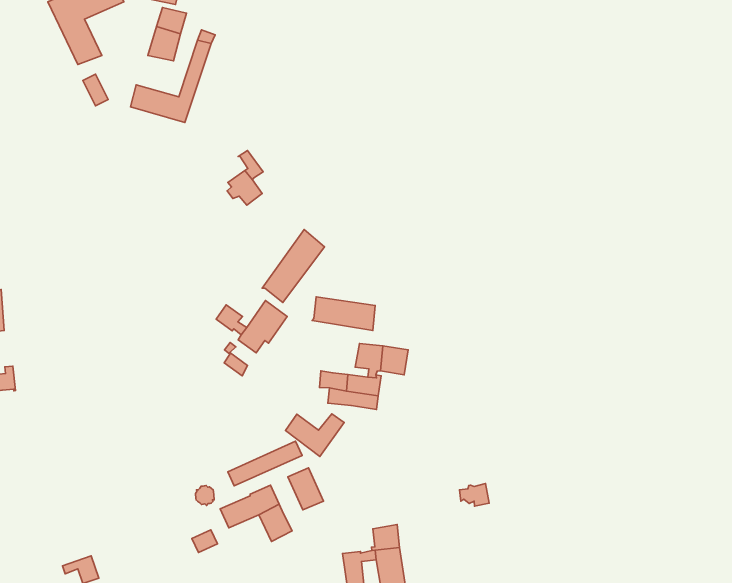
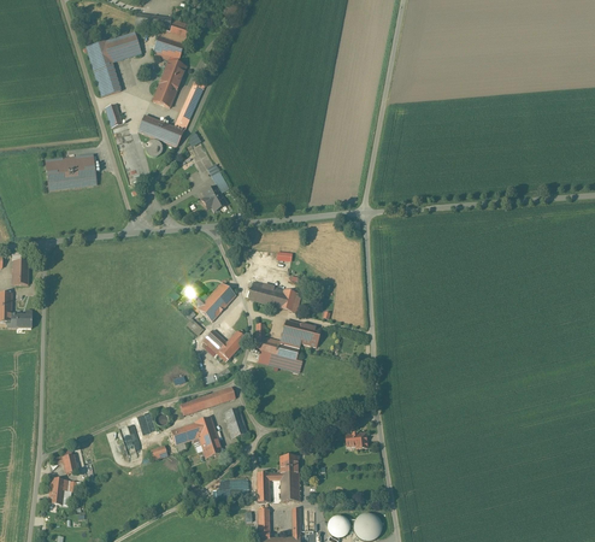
building: none -> [45,157,96,190]
building: [262,230,324,303] -> none
building: [286,414,344,456] -> [202,330,246,363]

